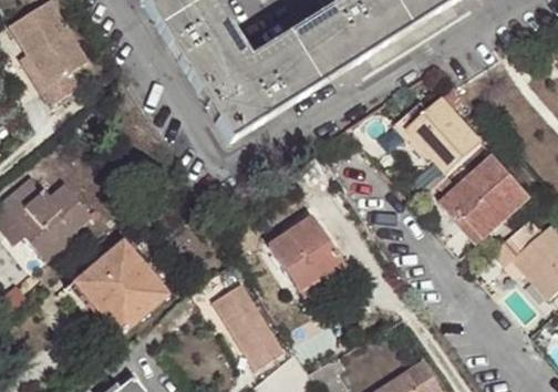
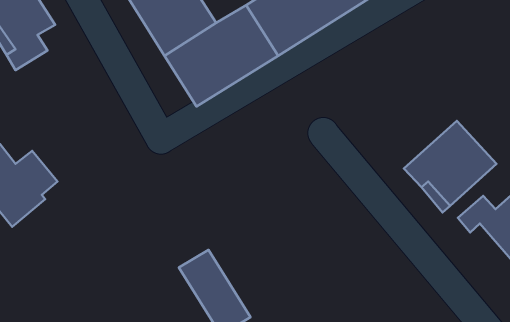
building: [405,97,479,172] -> none
building: [268,215,343,288] -> none
building: [72,239,167,334] -> none

